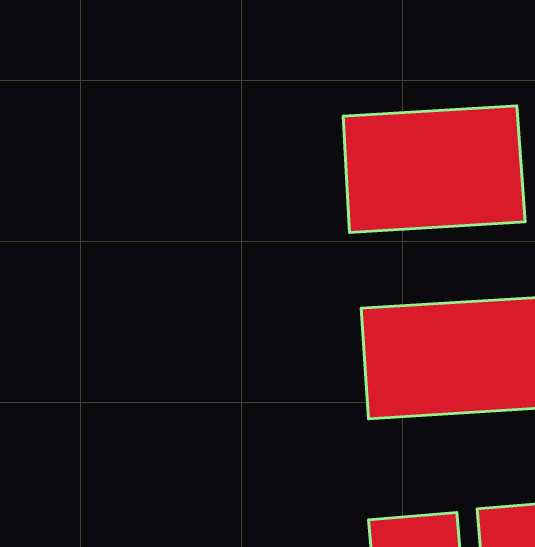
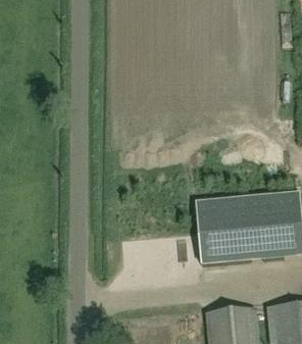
building: [343,106,525,232] -> none

